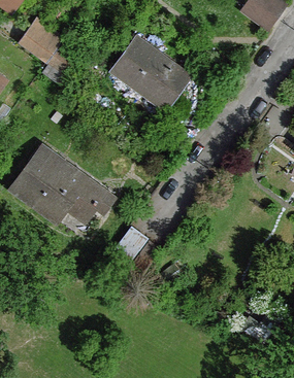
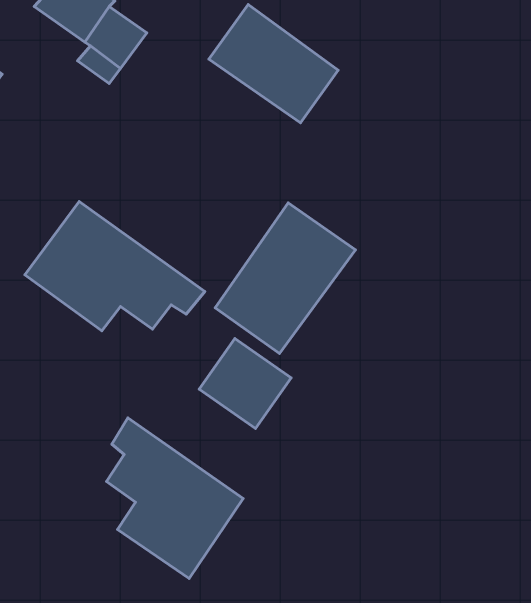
building: none -> [215,203,355,354]
building: none -> [106,418,243,578]

